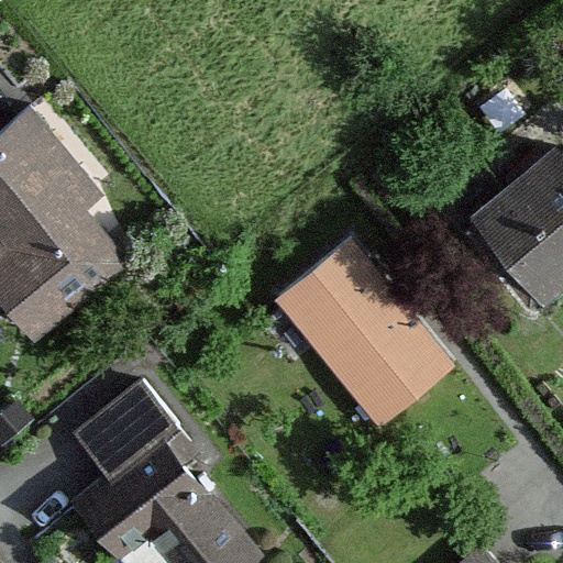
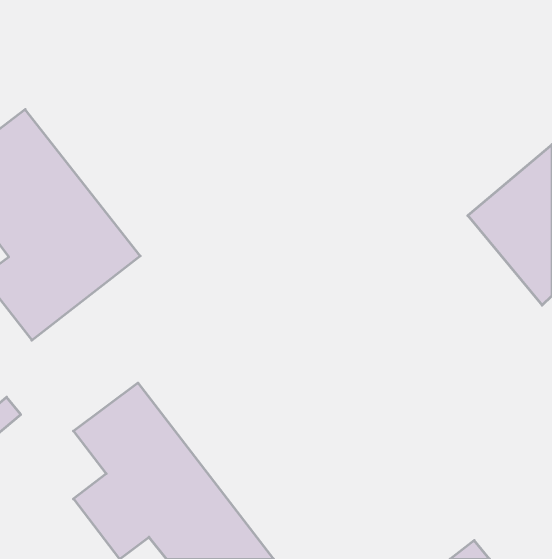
building: [272,238,459,432] -> none

